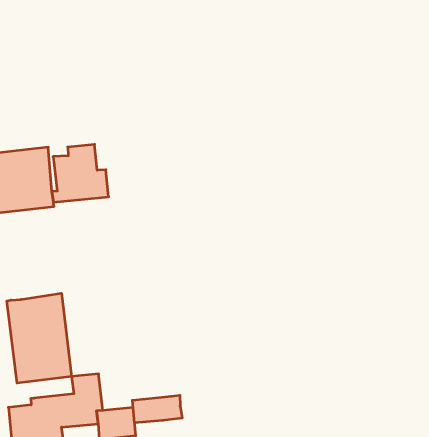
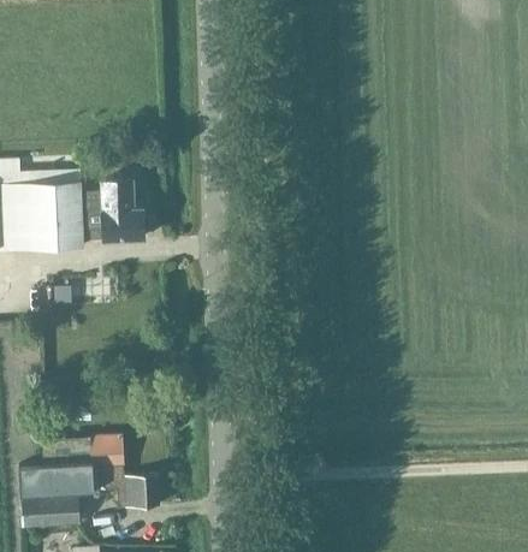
building: [7,293,72,383] -> none
building: [132,395,182,423] -> none

